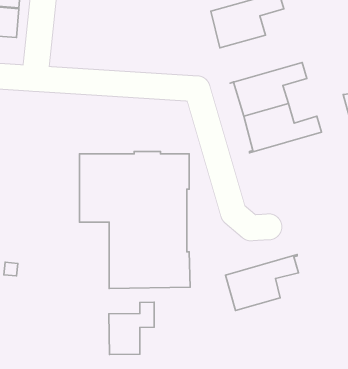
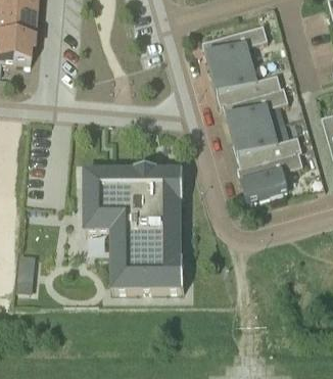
building: none -> [211,63,285,106]
building: [225,255,298,310] -> [238,150,303,200]
building: [109,302,154,354] -> none

